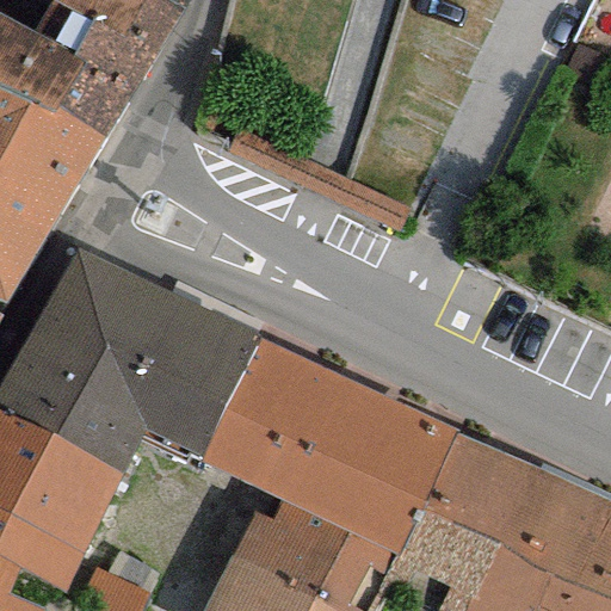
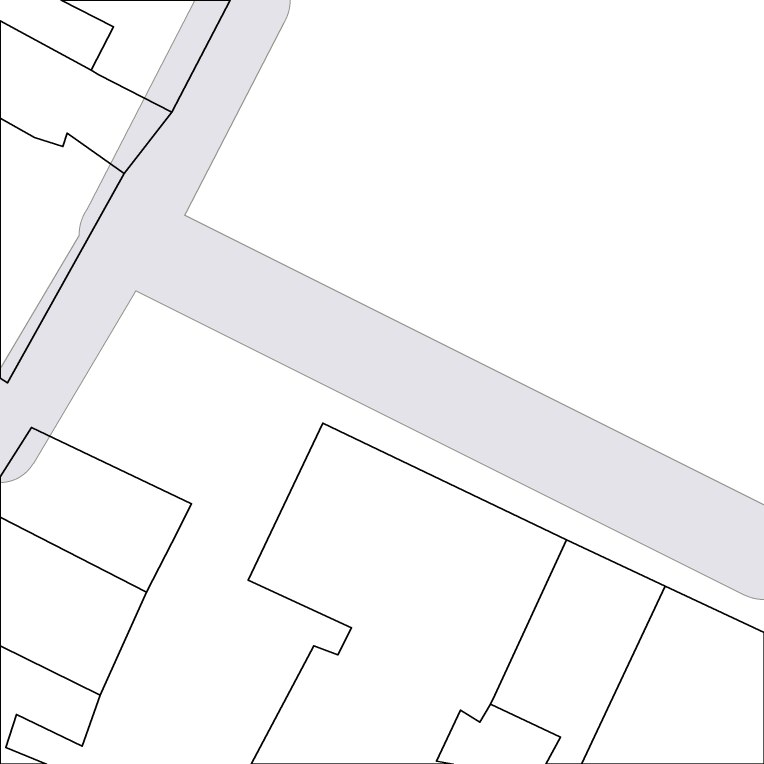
building: [25,247,258,463] -> none

